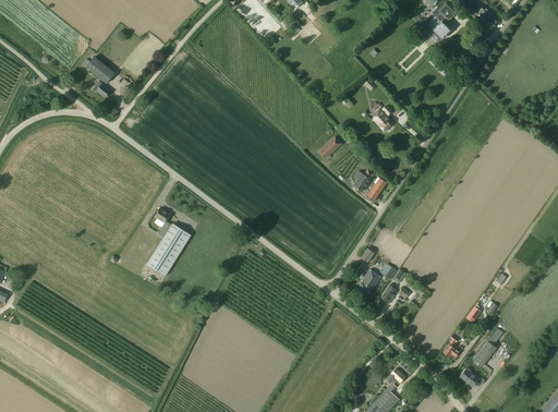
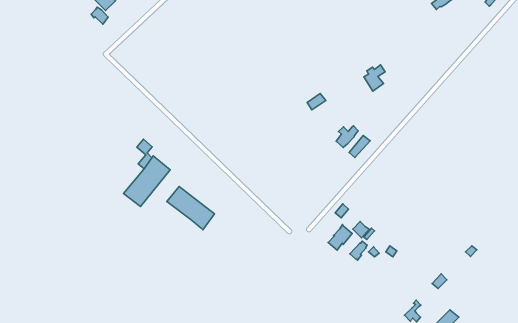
building: none -> [167,187,215,230]

